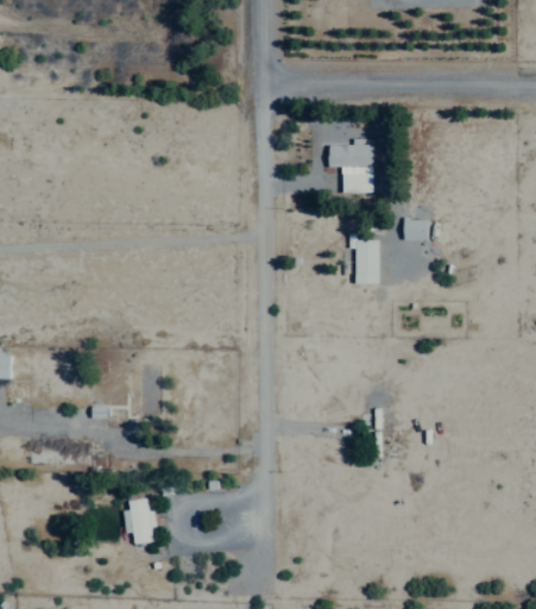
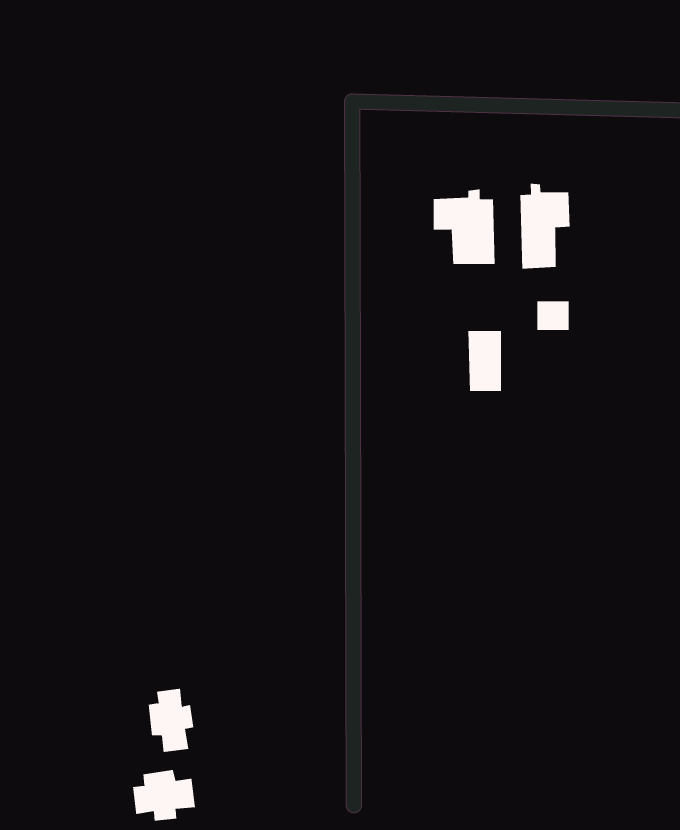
building: none -> [520,183,570,269]
building: none -> [133,769,196,821]

